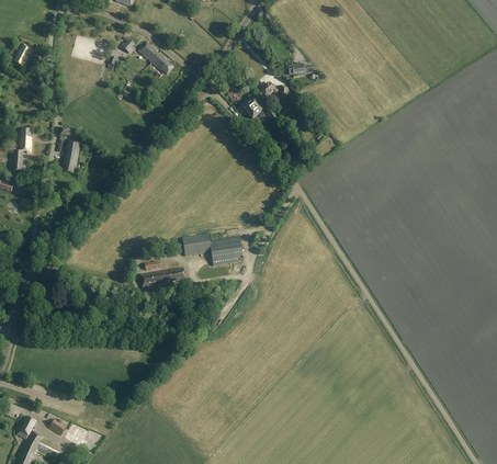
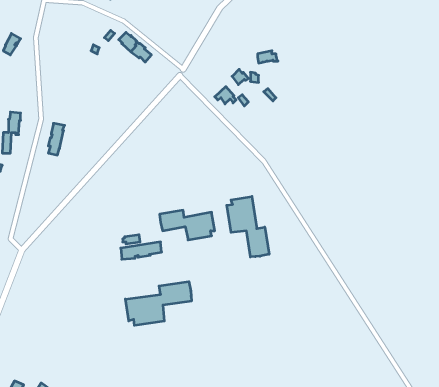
building: none -> [227,196,269,257]
building: none -> [125,282,191,325]

